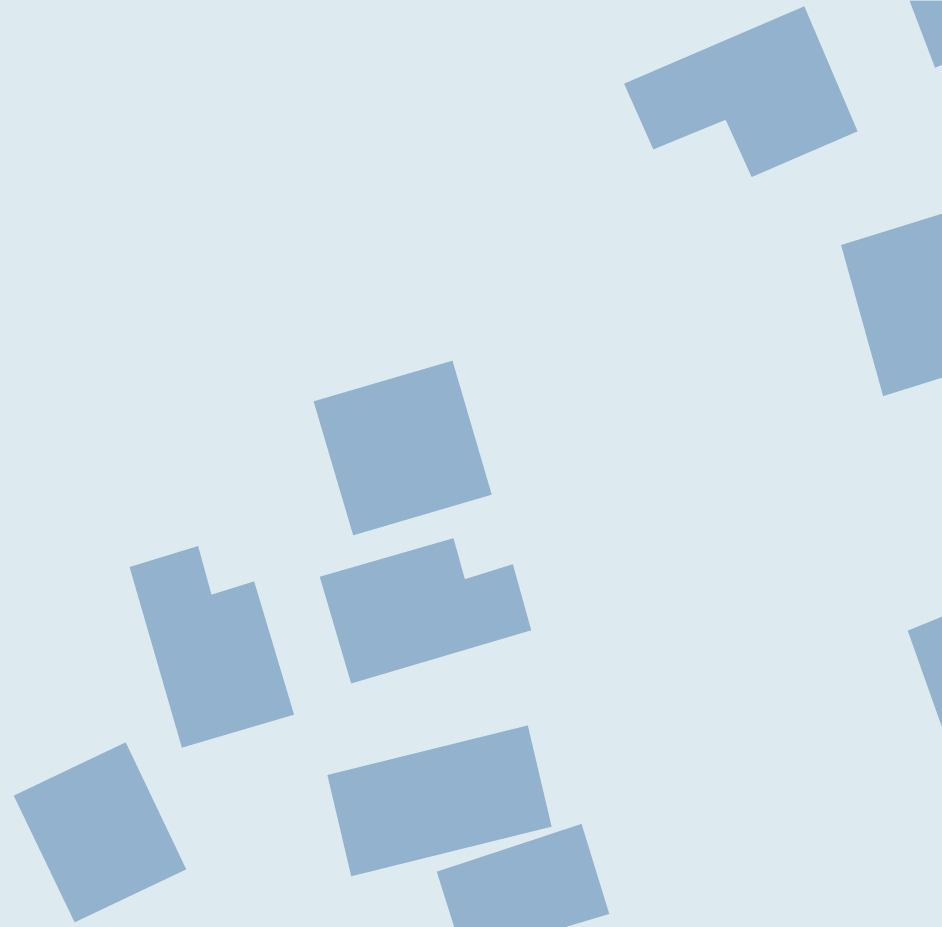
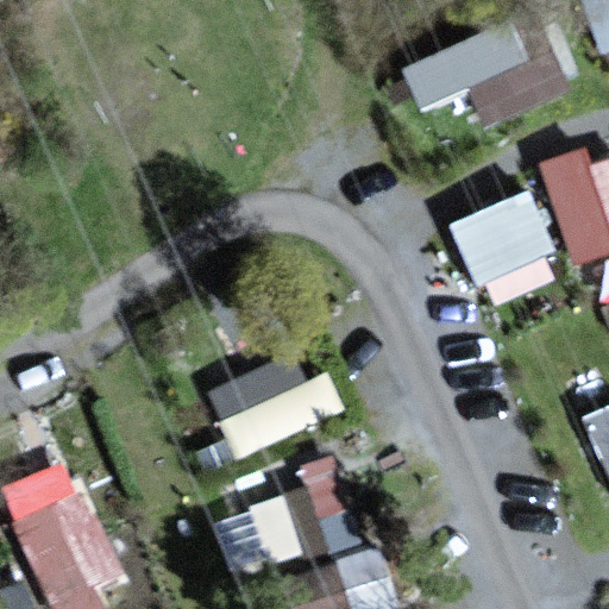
building: none -> [452,190,560,294]
building: [313,360,493,536] -> none
building: [129,545,295,748] -> none

